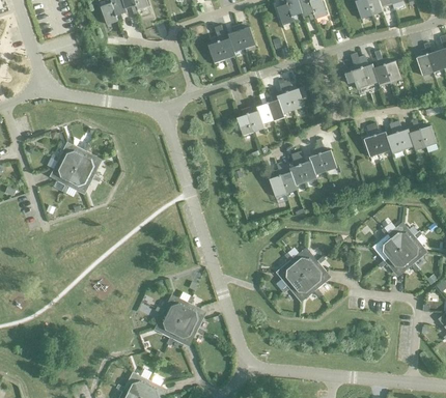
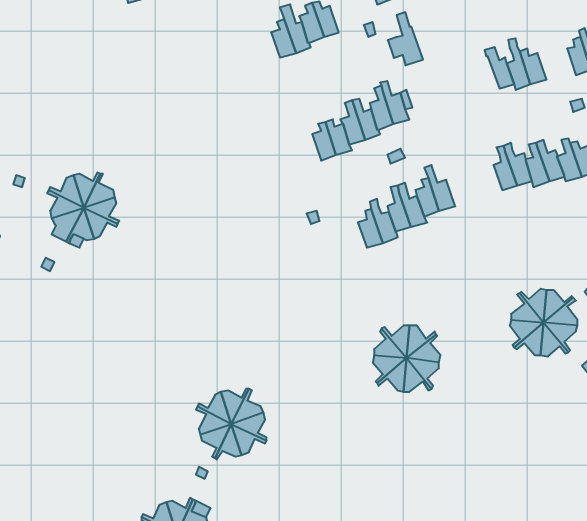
building: [343,52,368,89] -> [388,12,423,65]

